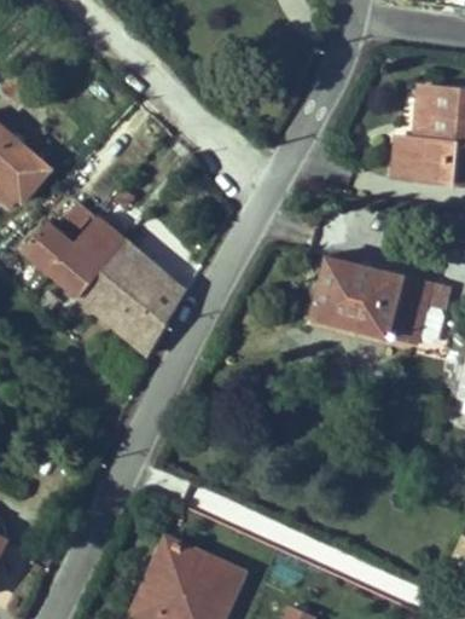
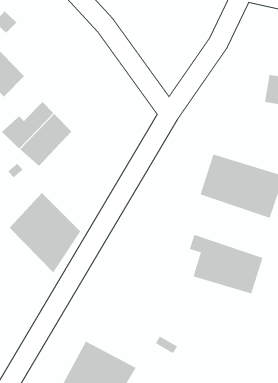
building: [80,242,184,357] -> [9,192,81,273]
building: none -> [189,234,264,295]

